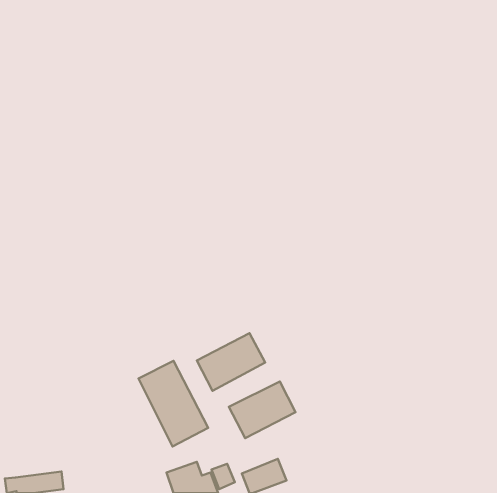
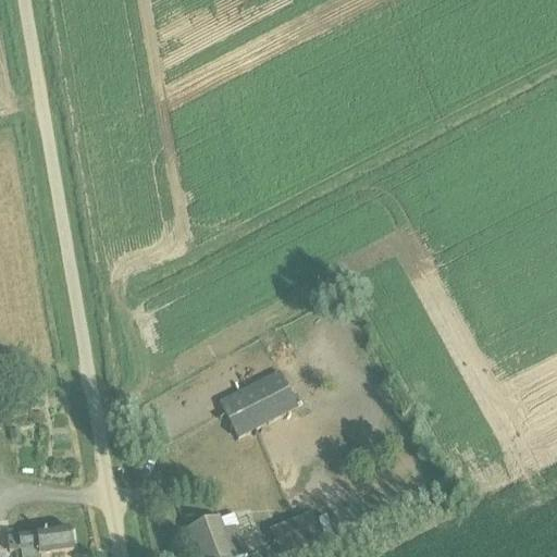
building: [138,361,208,446] -> none
building: [229,381,296,438] -> none

